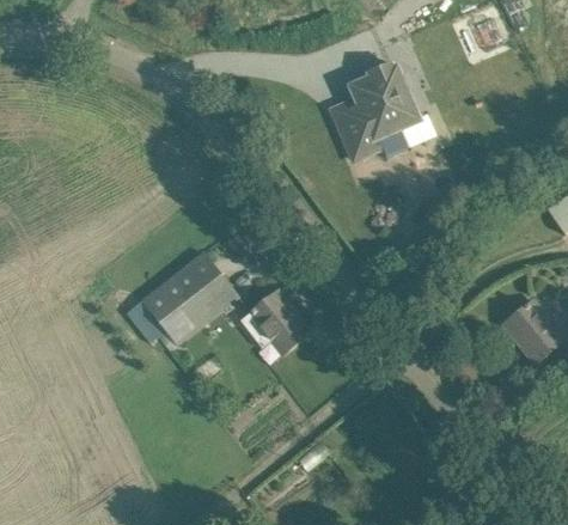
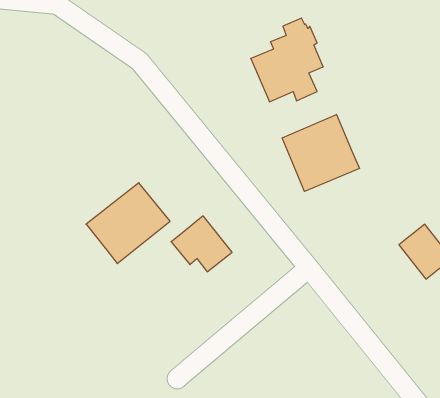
building: none -> [282,114,360,191]
building: [127,299,166,341] -> none

